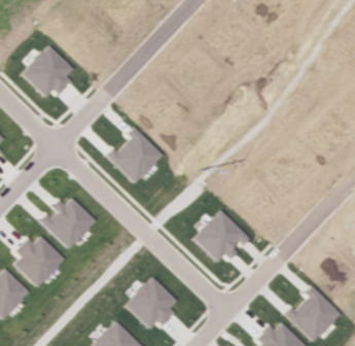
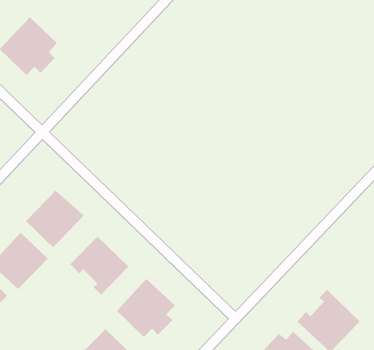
building: [106,127,164,183] -> none
building: [192,209,249,262] -> none
building: none -> [69,236,129,296]

